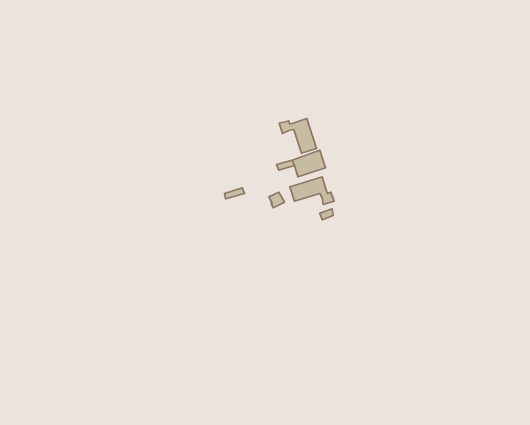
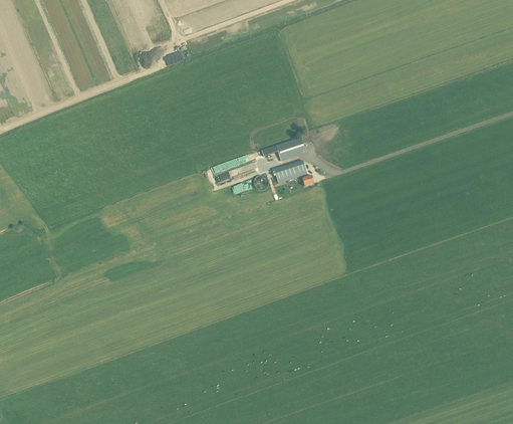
building: [279,119,316,153] -> none

